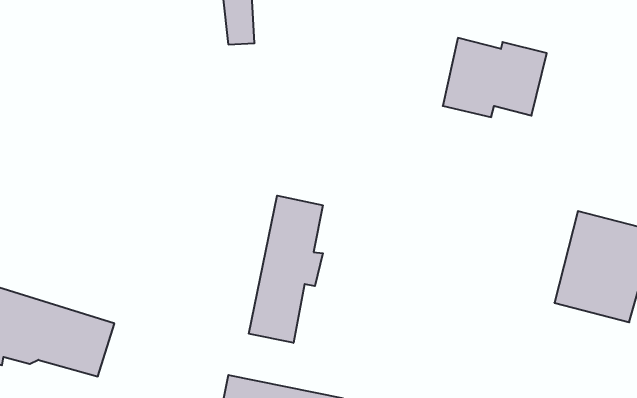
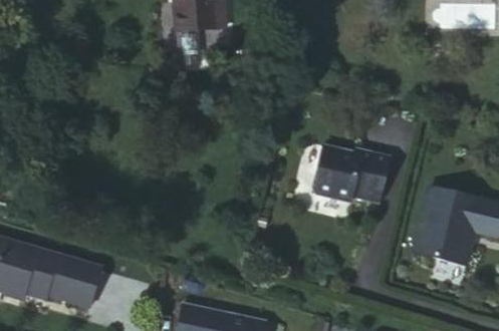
building: [443,38,547,117] -> [315,144,391,202]
building: [249,196,323,343] -> none

